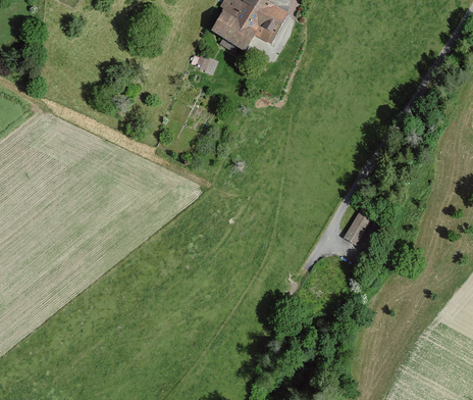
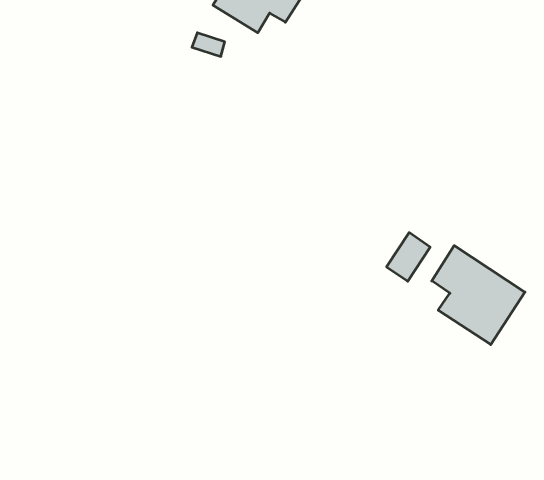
building: none -> [432,246,525,345]

